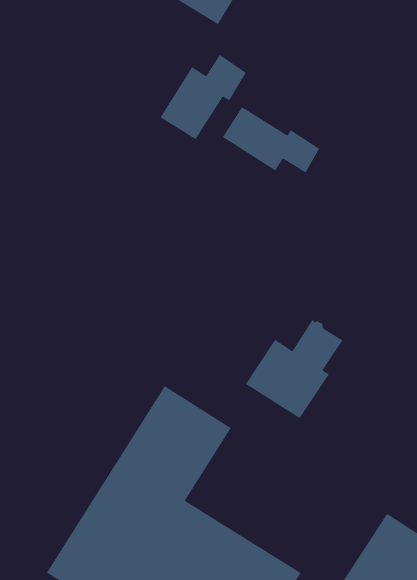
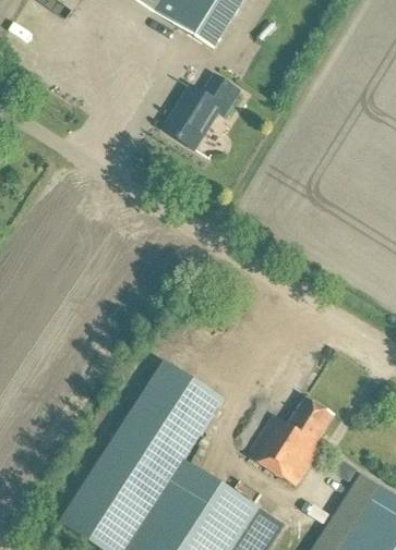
building: [222,106,320,174] -> none
building: [245,319,343,419] -> [245,399,332,486]

